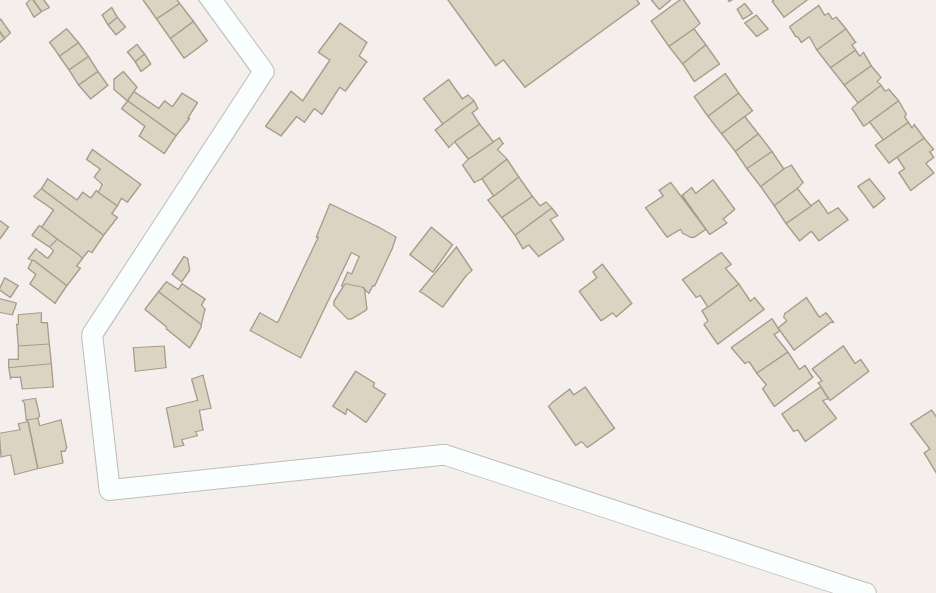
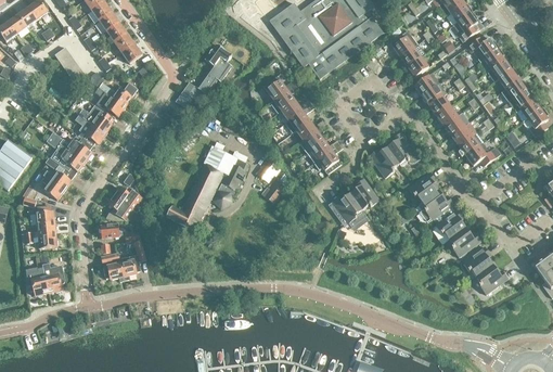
building: none -> [78,104,113,132]
building: [682,180,735,234] -> [369,145,398,176]
building: [778,297,834,350] -> none
building: [812,346,869,400] -> [475,262,506,293]
building: [333,371,386,422] -> none
building: [548,387,615,447] -> [329,192,365,226]
building: none -> [101,252,124,280]

